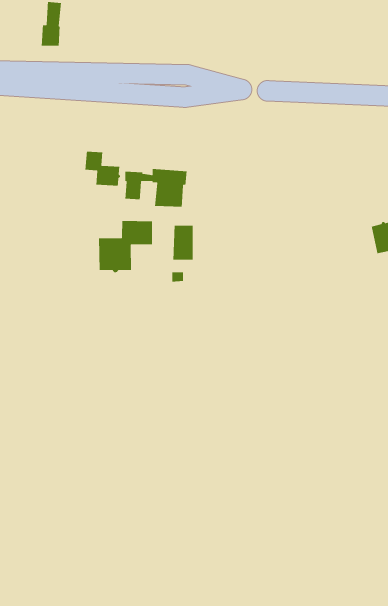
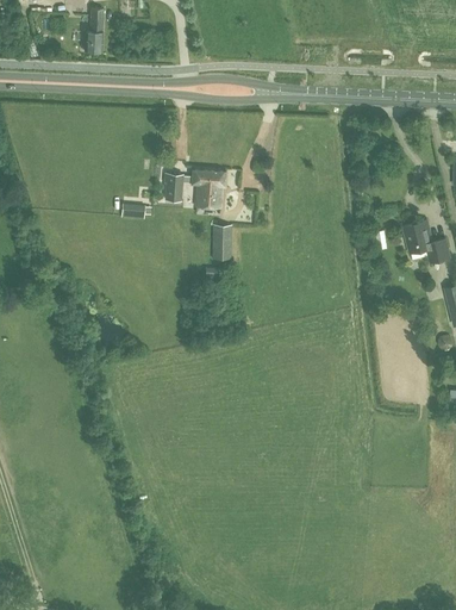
building: [84,151,121,186] -> none
building: [98,220,153,273] -> none

